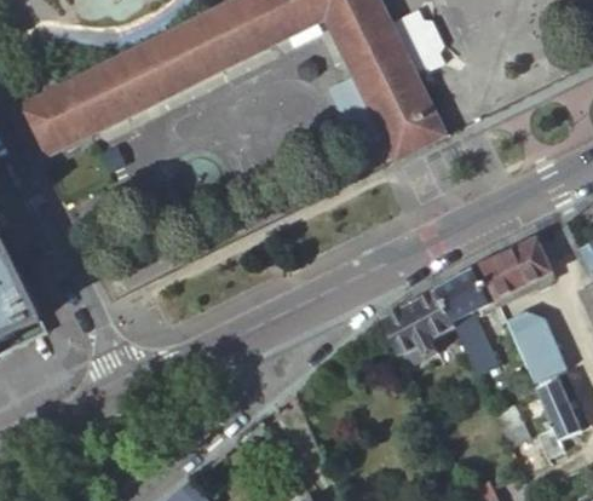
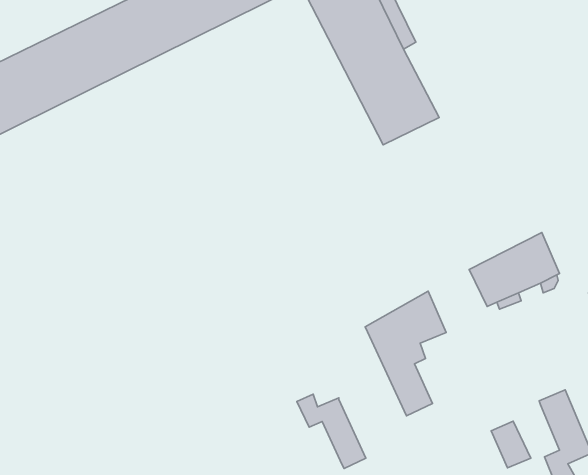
building: [437,269,501,364] -> none
building: [506,312,566,385] -> none
building: none -> [297,394,366,468]

